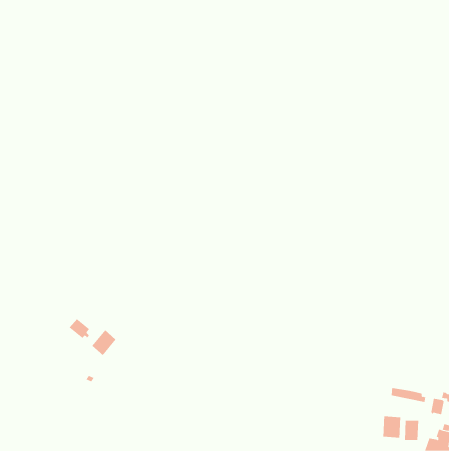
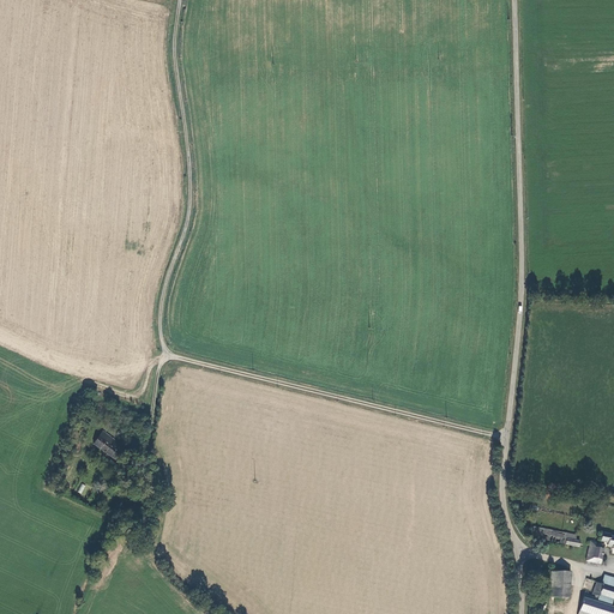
building: [92,330,116,356] -> none
building: [383,415,401,438] -> none

